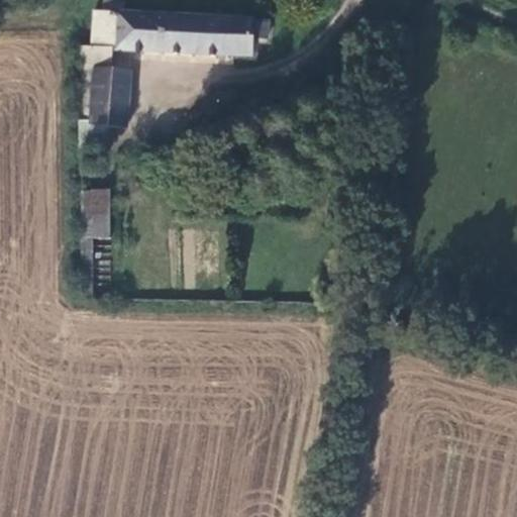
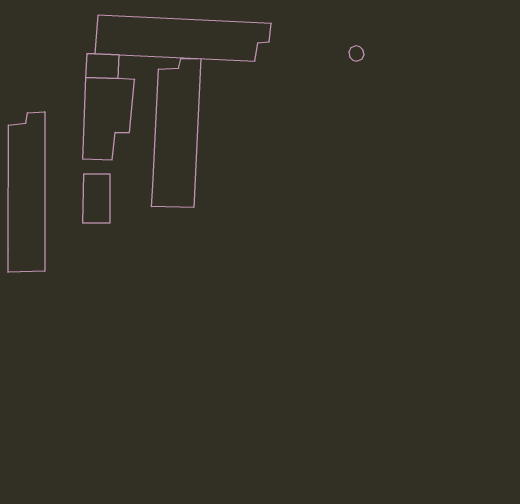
building: none -> [152,59,201,207]
building: none -> [8,112,45,272]

